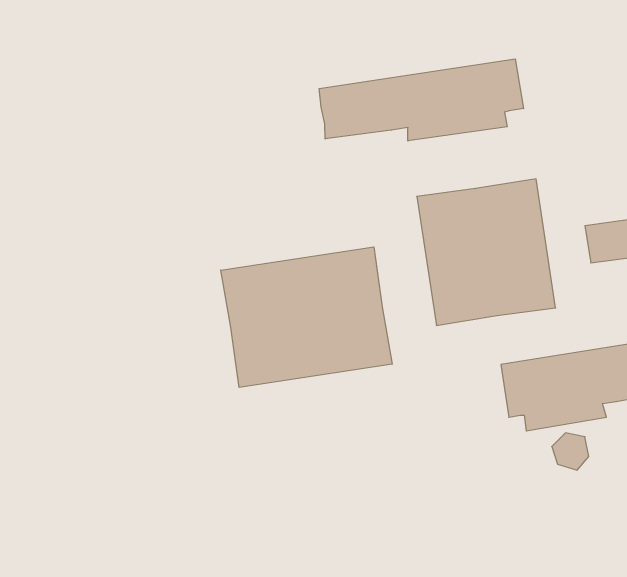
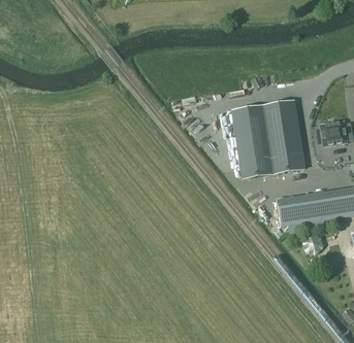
building: [319,59,524,141] -> none
building: [221,247,392,387] -> none

